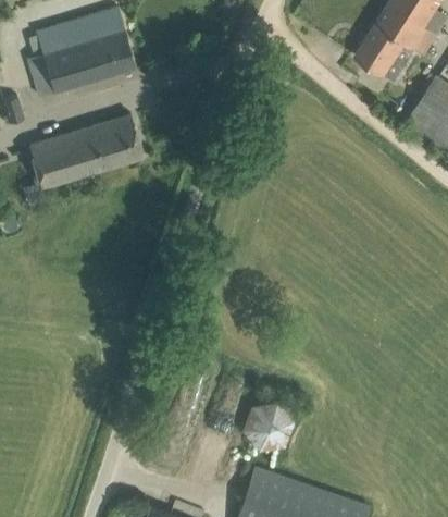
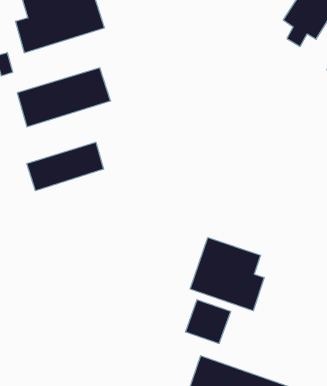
building: none -> [27,142,104,191]
building: none -> [190,238,264,311]

